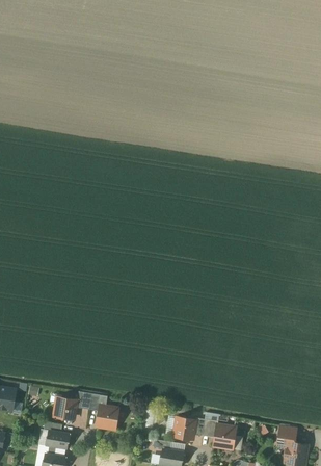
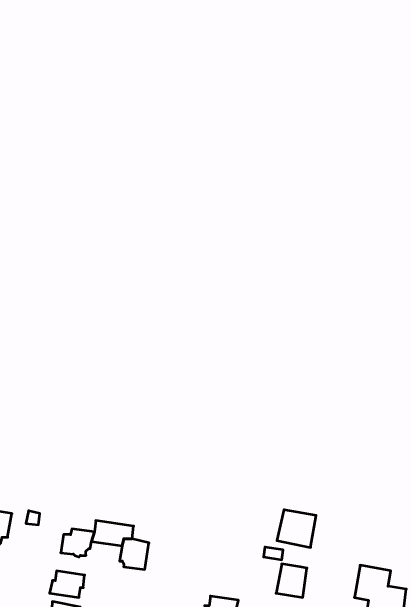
building: [168,415,197,443] -> [277,510,316,547]

